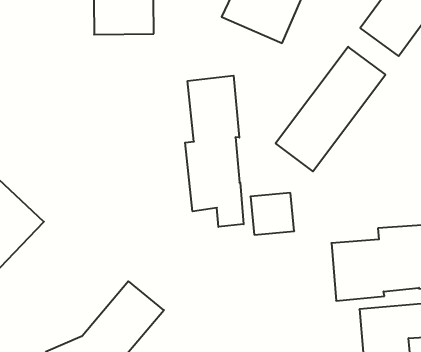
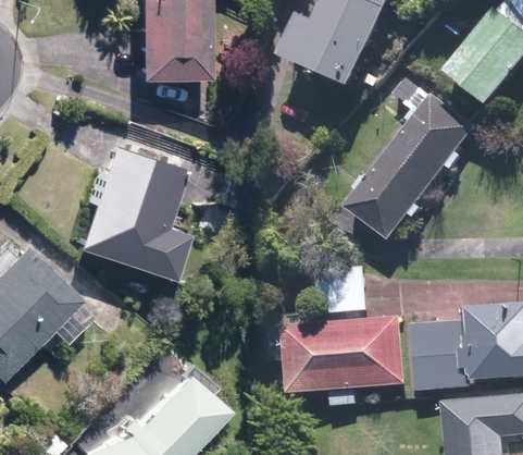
building: [185,76,244,227] -> none
building: none -> [69,144,178,279]
building: none -> [282,315,404,393]

